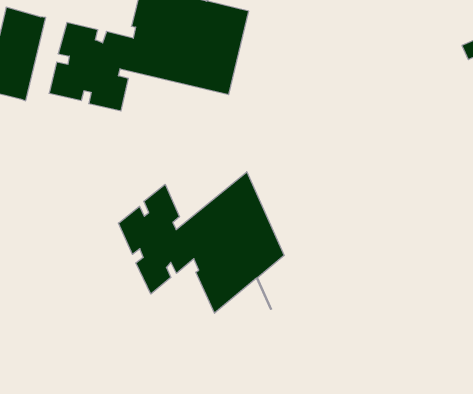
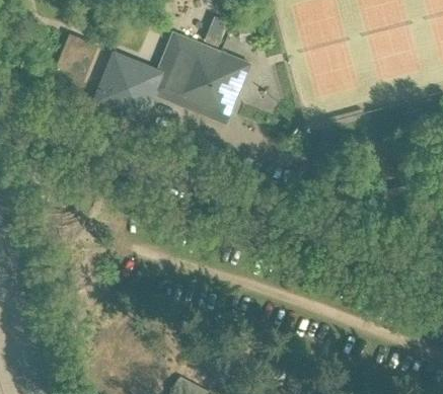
building: [118,172,284,313] -> none

